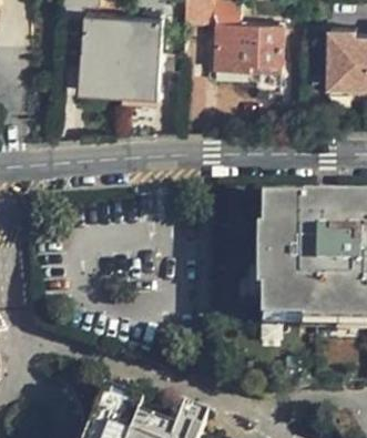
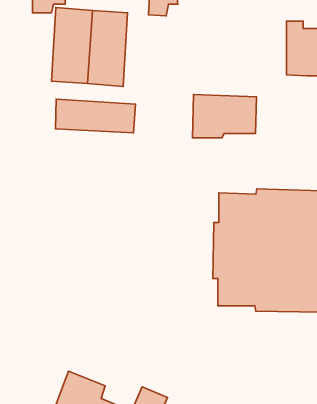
building: [215,19,283,64] -> [192,95,257,138]
building: none -> [55,99,135,133]

